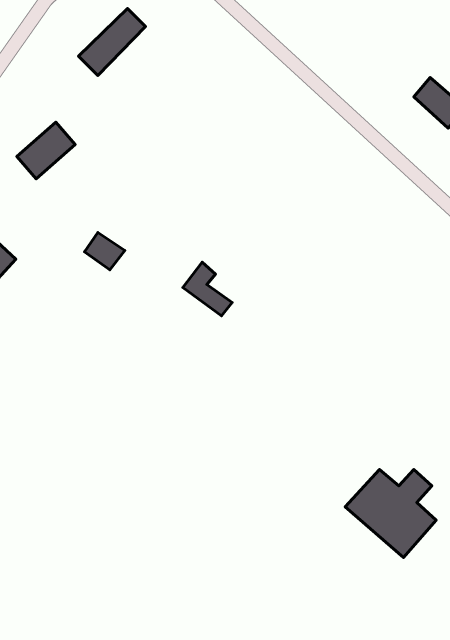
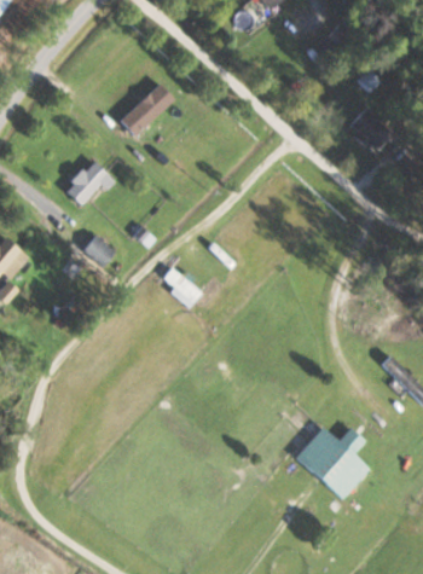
building: [78,8,145,76] -> [121,82,175,137]
building: [17,122,75,179] -> [65,160,112,205]

